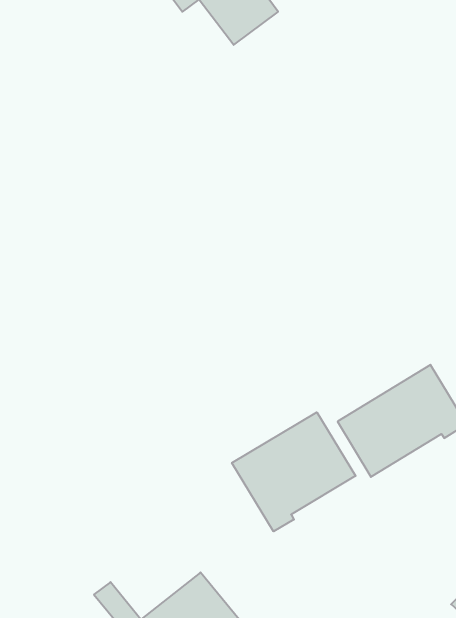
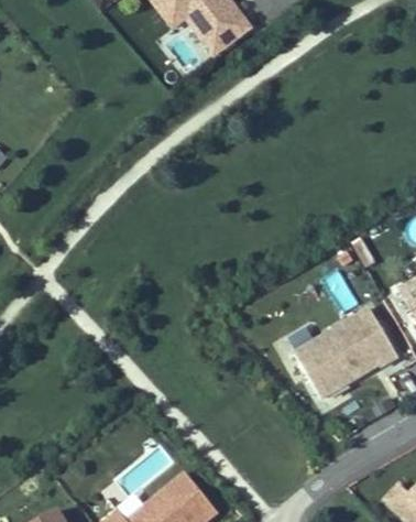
building: [232,412,356,531] -> none

